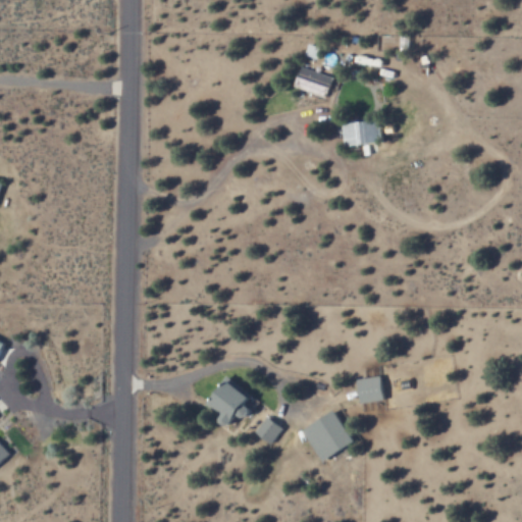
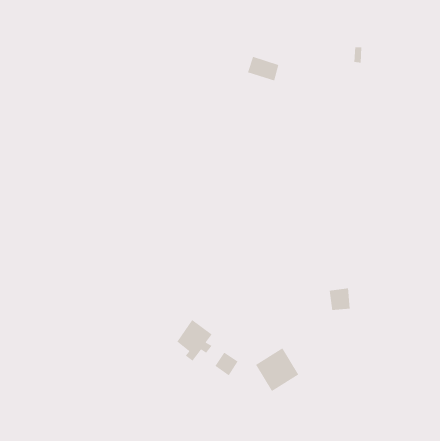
building: [343,121,379,145] -> none
building: [356,376,381,403] -> [329,288,350,310]

